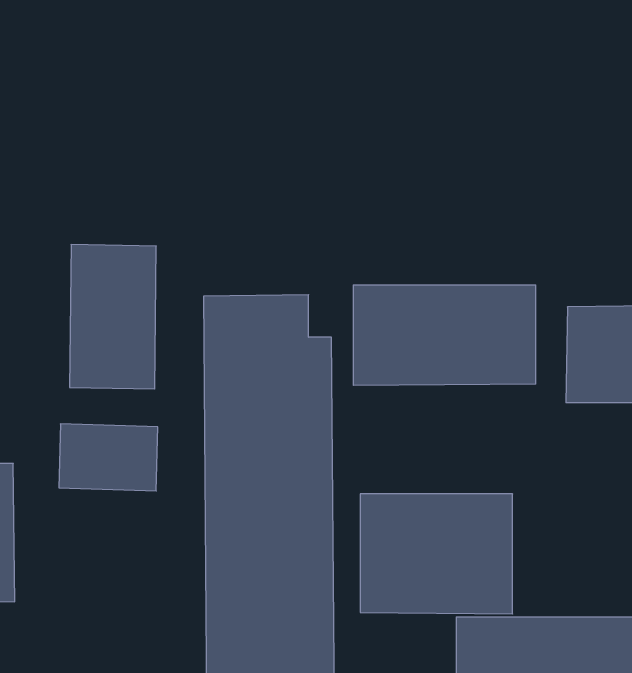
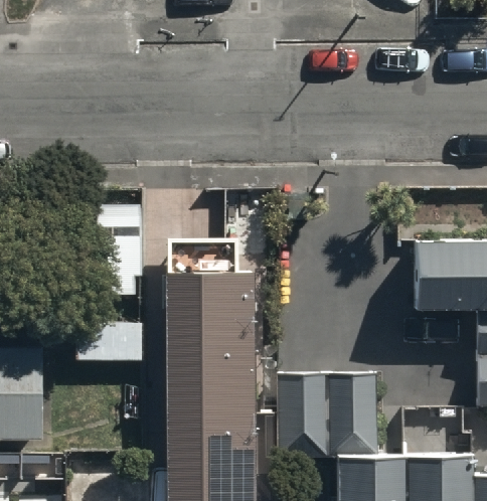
building: [353,285,536,385] -> none

